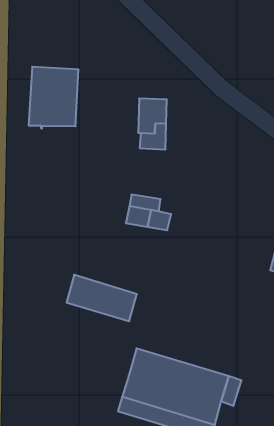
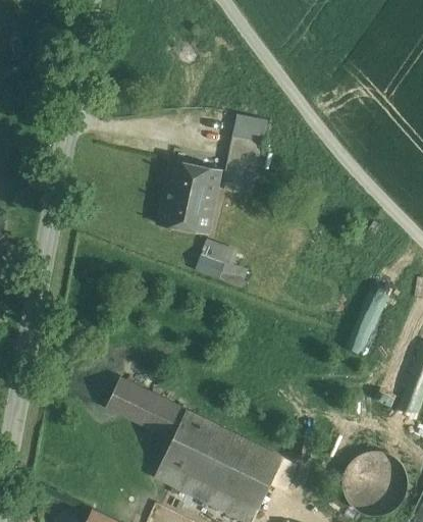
building: [29,67,79,129] -> [156,159,221,232]
building: none -> [231,113,267,141]
building: [67,275,137,321] -> [105,378,184,439]

